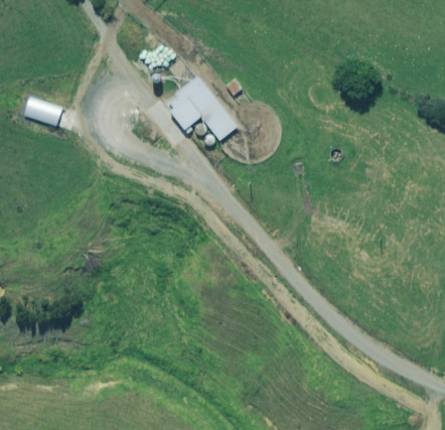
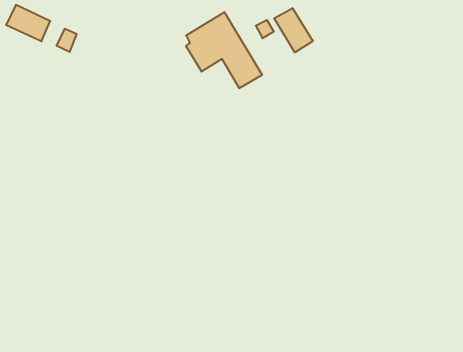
building: none -> [274,8,313,52]

